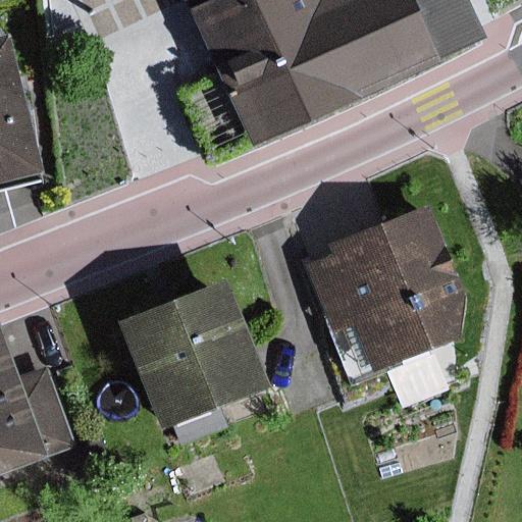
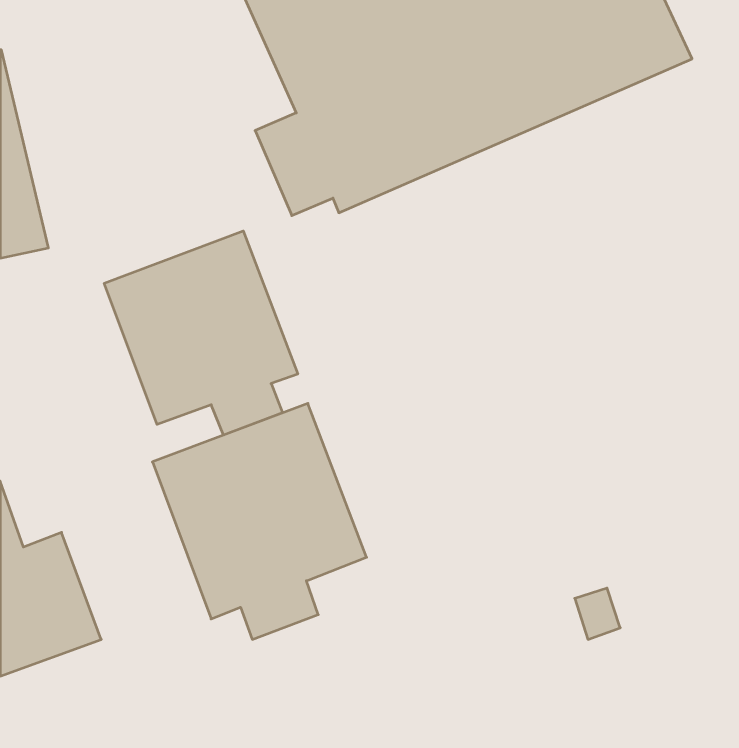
building: none -> [104,231,298,435]
building: [308,205,463,409] -> none

